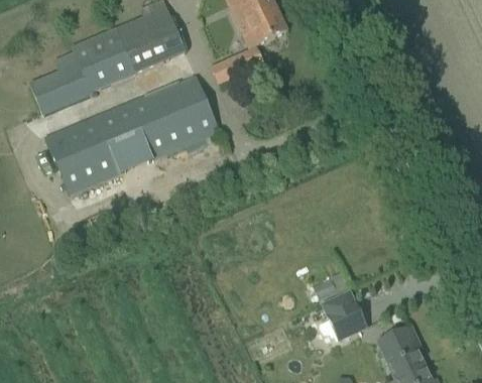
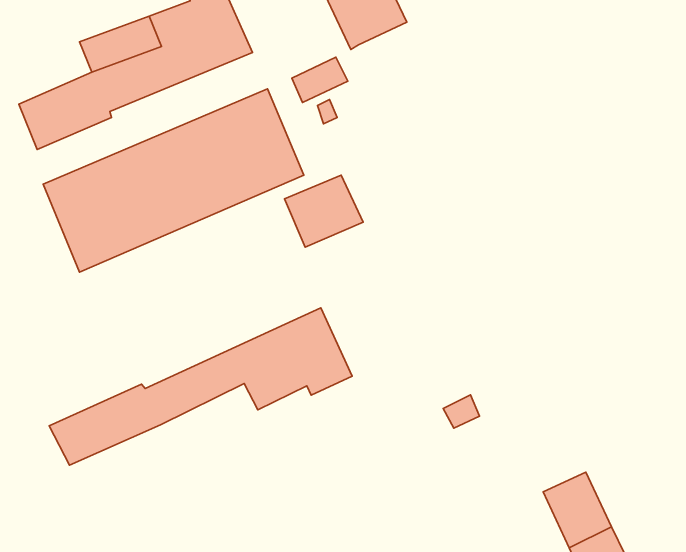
building: none -> [284,175,363,247]
building: none -> [49,308,352,465]
building: [322,289,366,340] -> none

